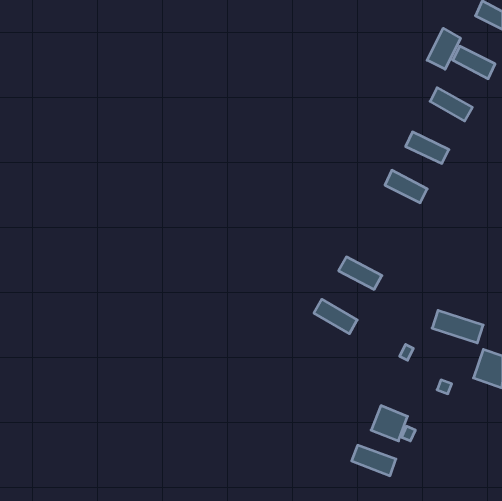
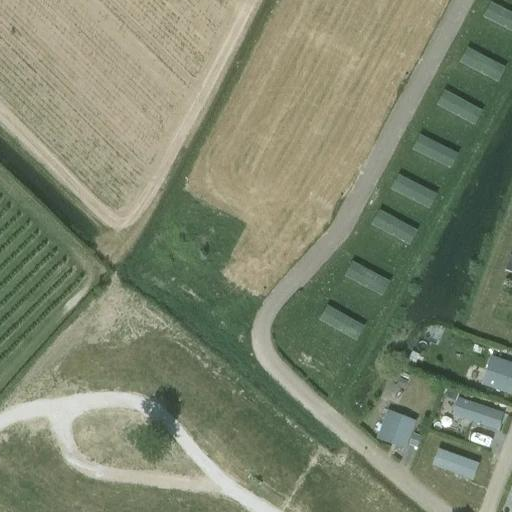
building: [427,28,460,69] -> none
building: none -> [372,209,416,243]
building: [432,310,483,343] -> [453,397,505,430]
building: [352,445,396,476] -> [434,448,479,479]

